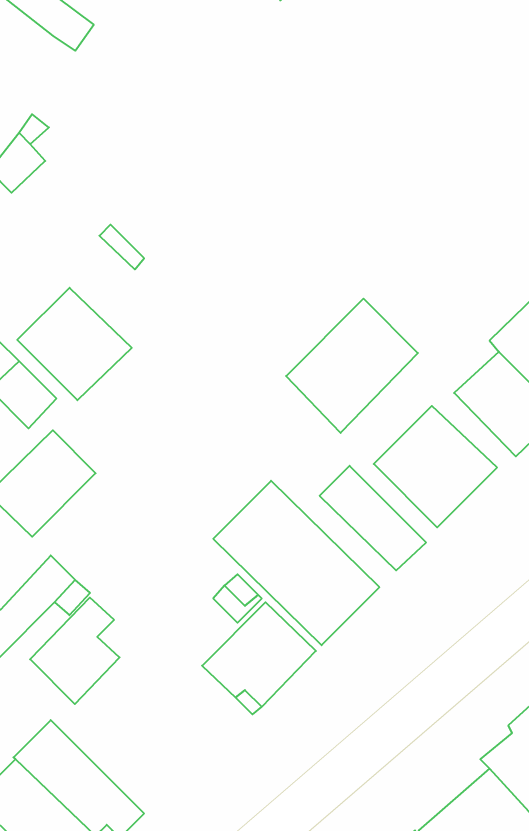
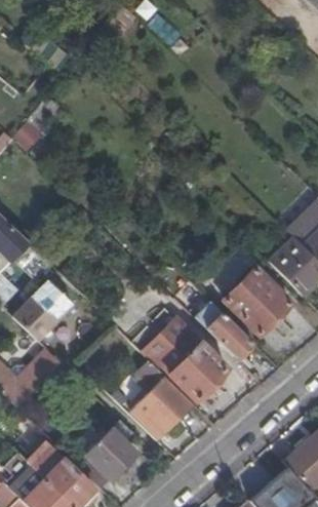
building: [17,288,132,400] -> none
building: [286,299,418,433] -> none
building: [30,598,120,704] -> [87,420,136,478]

